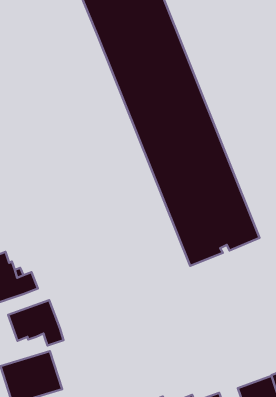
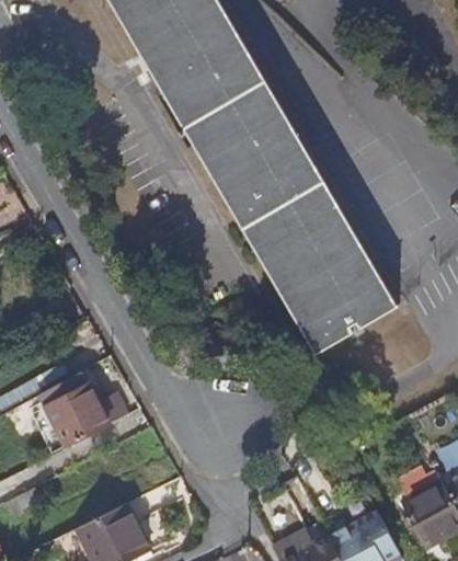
building: [8,300,63,345] -> none

